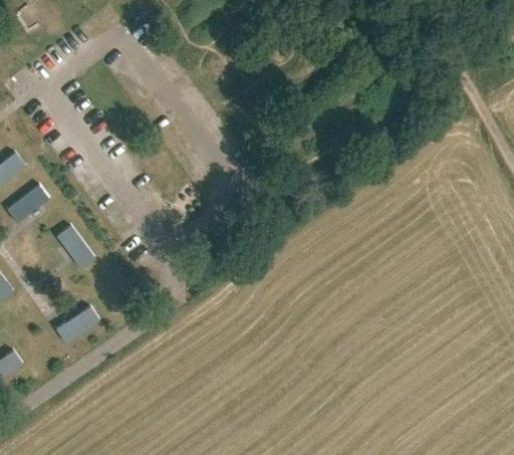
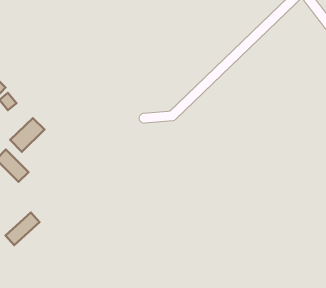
building: none -> [10,118,44,152]

